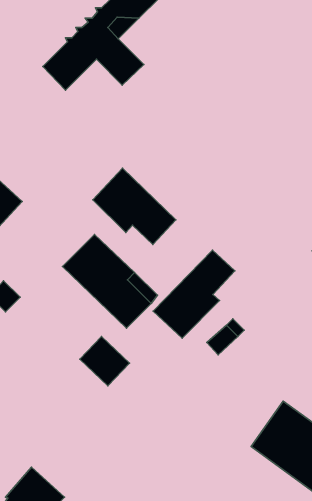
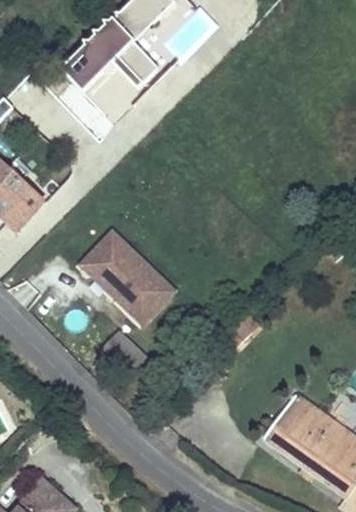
building: [93,168,176,244] -> none
building: [153,250,235,338] -> none

